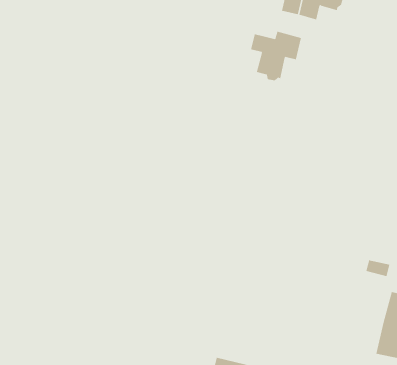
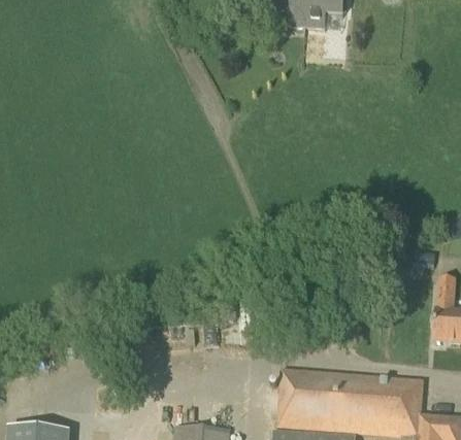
building: [250,31,301,81] -> none

